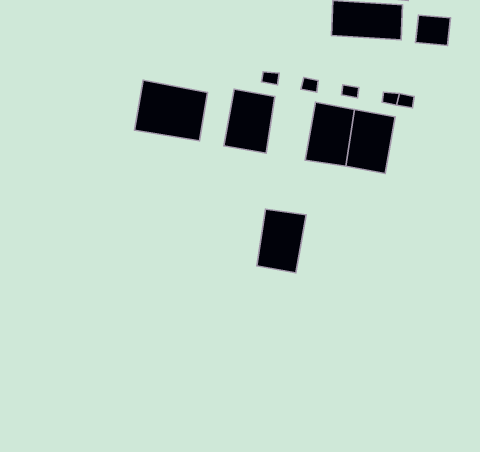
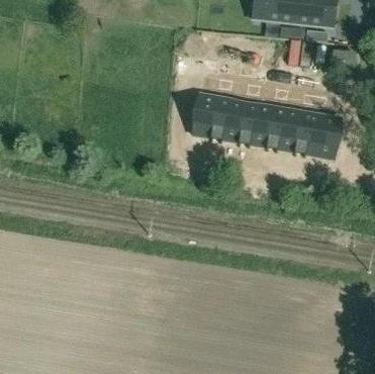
building: [134,80,207,141] -> none
building: none -> [305,111,342,156]
building: [257,209,306,273] -> [222,97,257,142]

